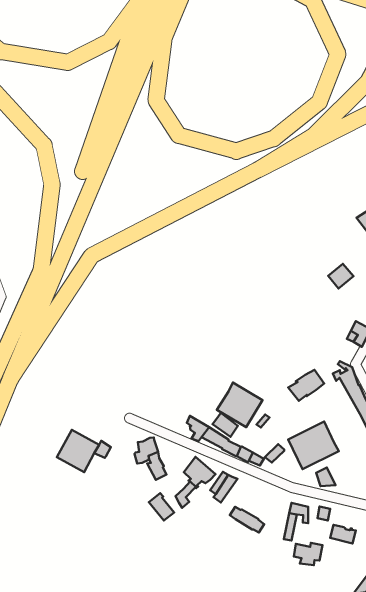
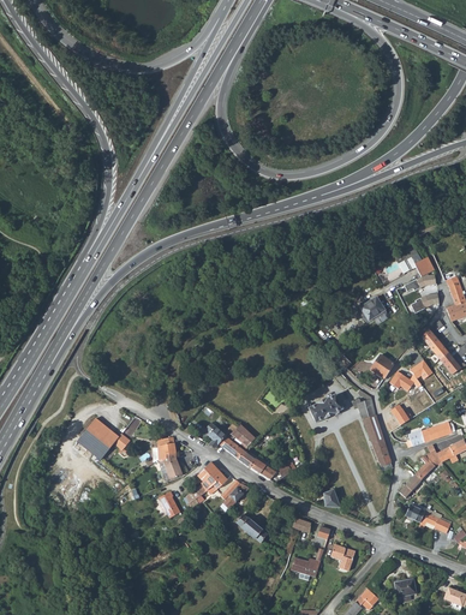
building: [217,383,262,427] -> none
building: [288,422,339,469] -> none

